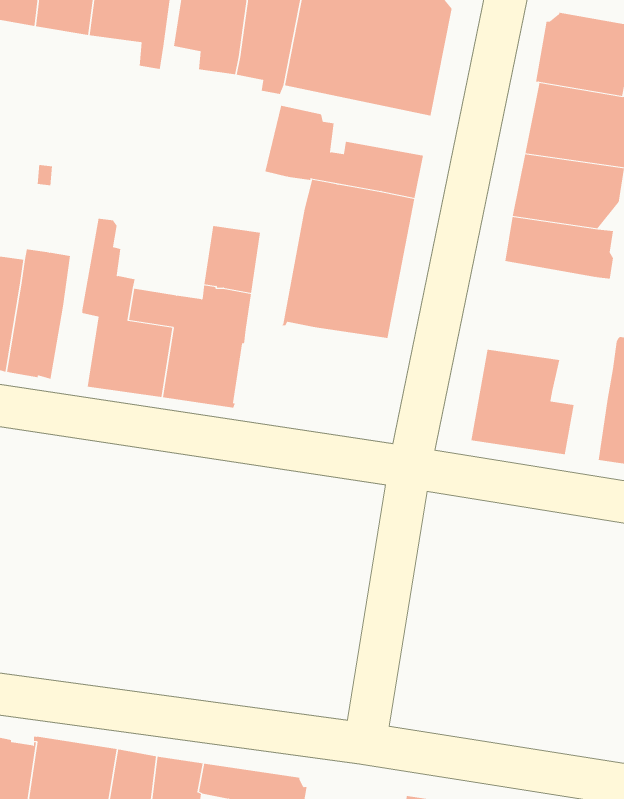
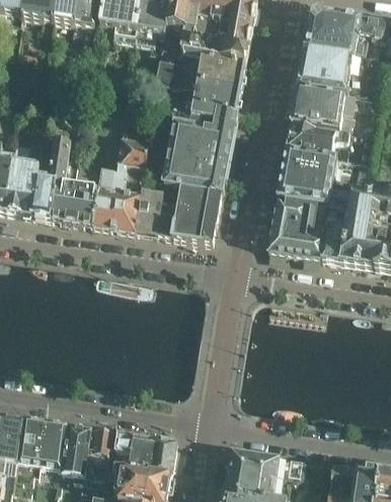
building: none -> [160,50,245,89]
building: none -> [277,149,349,210]
building: none -> [30,174,57,220]
building: none -> [134,186,221,243]
building: none -> [321,217,344,261]

